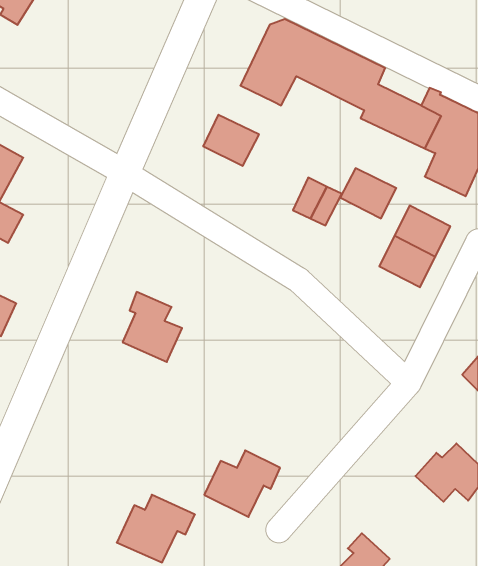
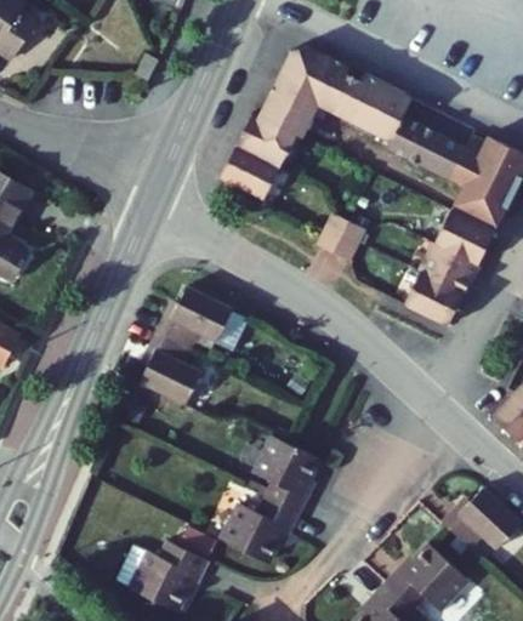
building: none -> [237,113,295,167]
building: [340,168,396,218] -> [436,211,494,263]
building: none -> [152,286,227,347]
building: none -> [255,437,320,514]
building: none -> [386,546,466,609]

